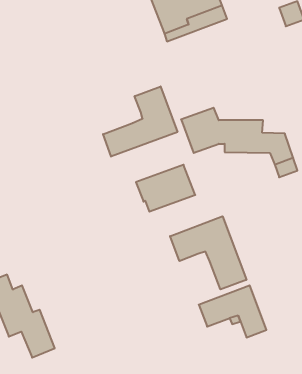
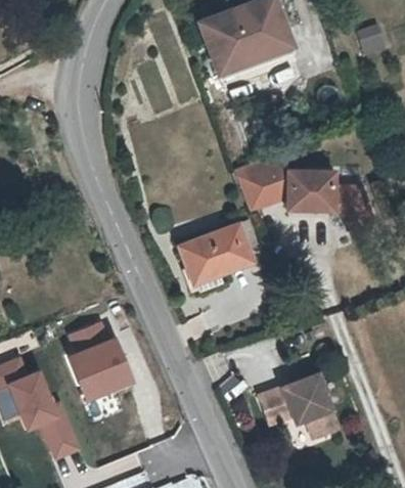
building: [103,86,177,157] -> none
building: [170,216,246,289] -> none
building: none -> [65,323,133,402]

